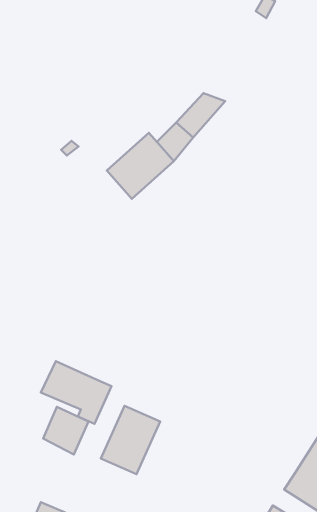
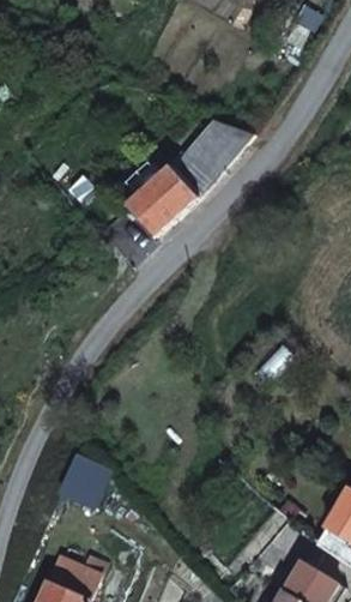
building: [41,361,111,424] -> none
building: [101,406,160,474] -> none

